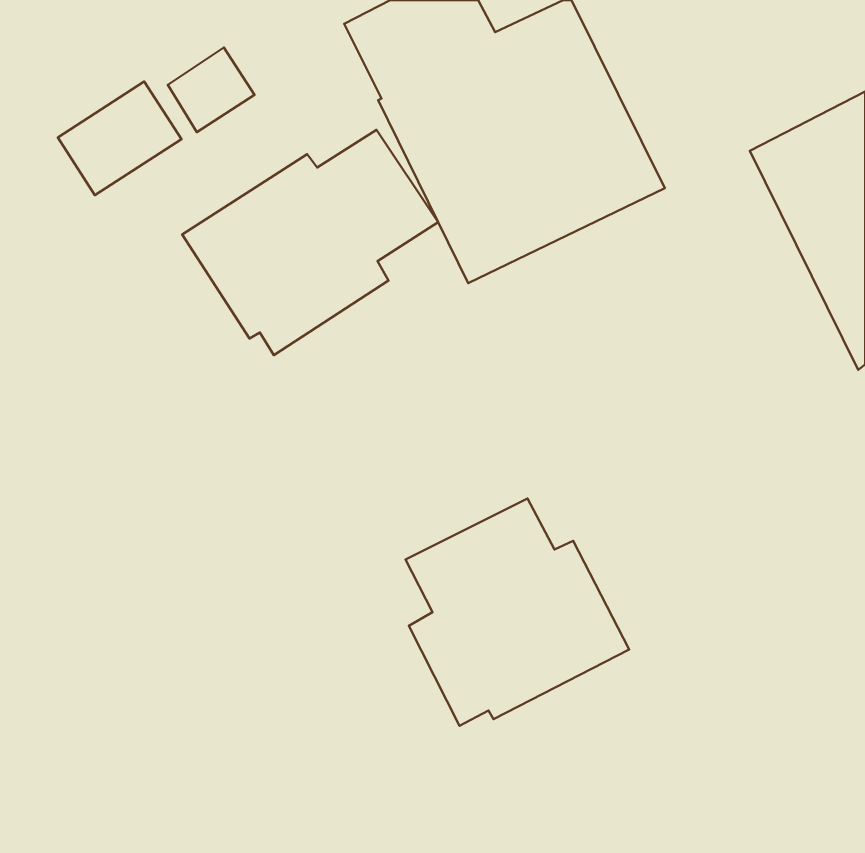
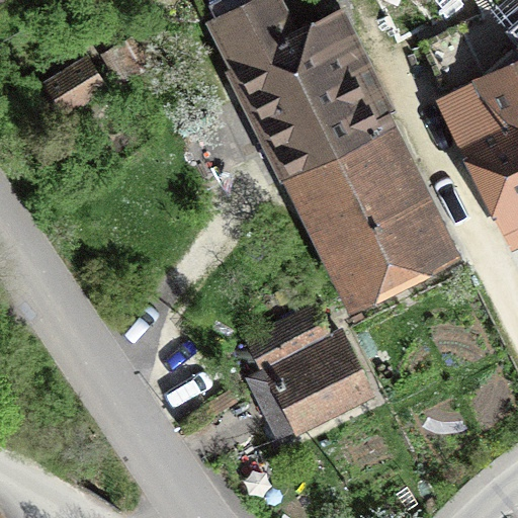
building: [182,130,438,355] -> none
building: none -> [279,120,462,312]

